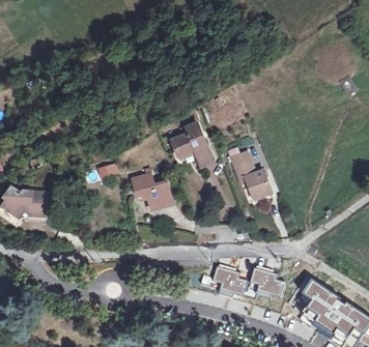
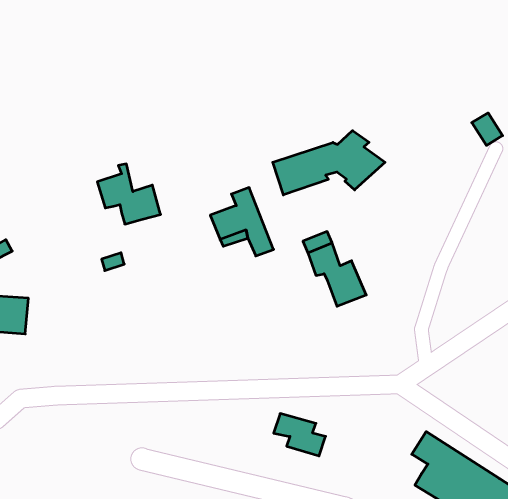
building: none -> [273,131,385,195]
building: [131,168,171,206] -> [97,164,161,224]
building: [249,266,283,295] -> none

